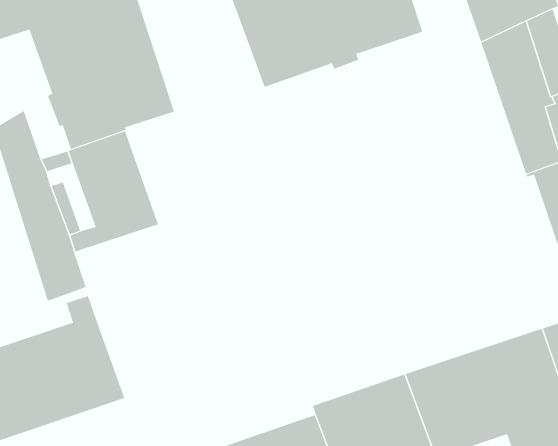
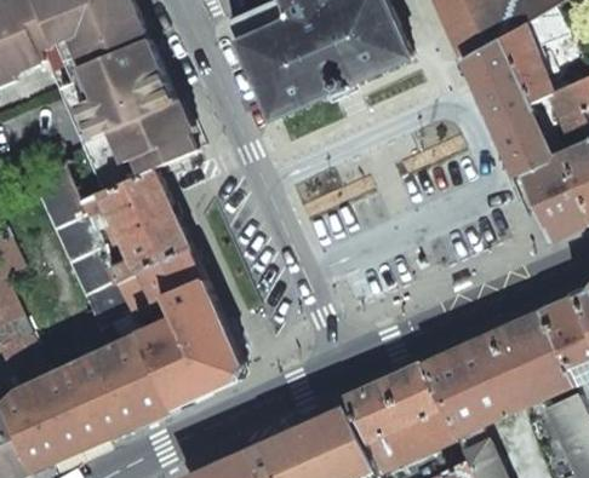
building: none -> [118,250,242,408]

